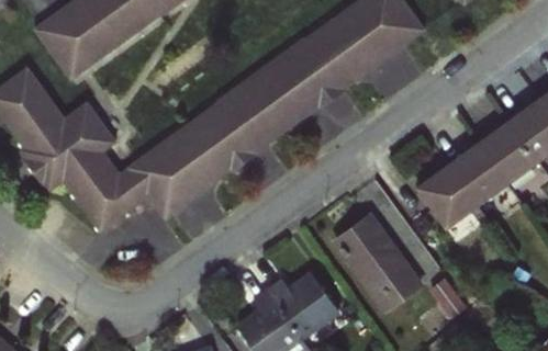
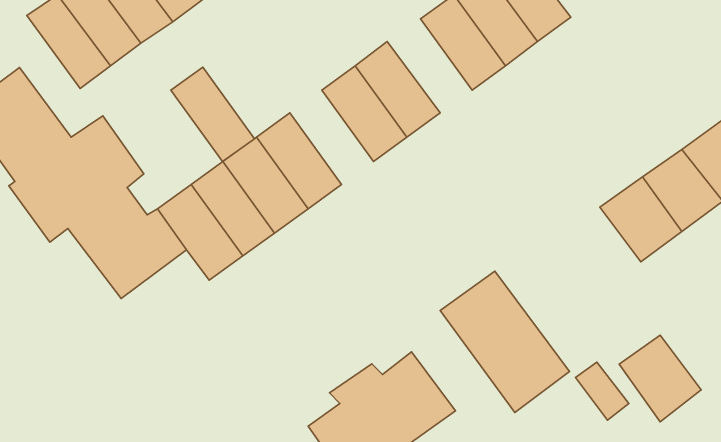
building: [292,30,354,98] -> none
building: [222,81,282,149] -> [171,67,254,161]
building: [416,166,476,228] -> [619,335,701,422]

